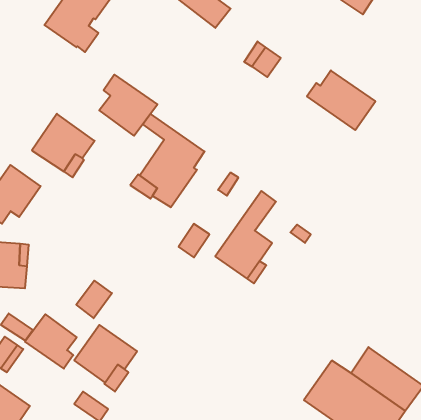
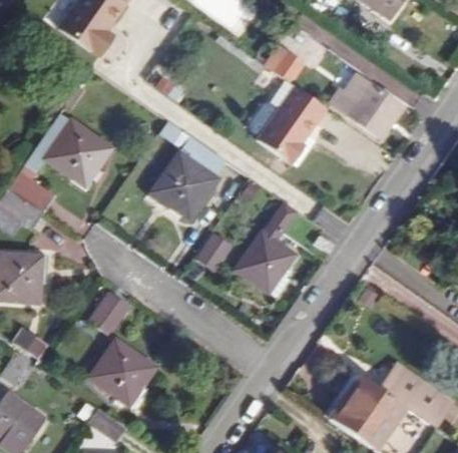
building: [99,75,157,136] -> none
building: none -> [258,86,326,163]
building: [25,314,77,369] -> none

